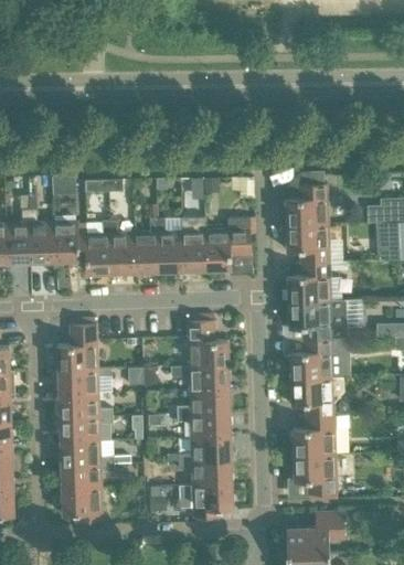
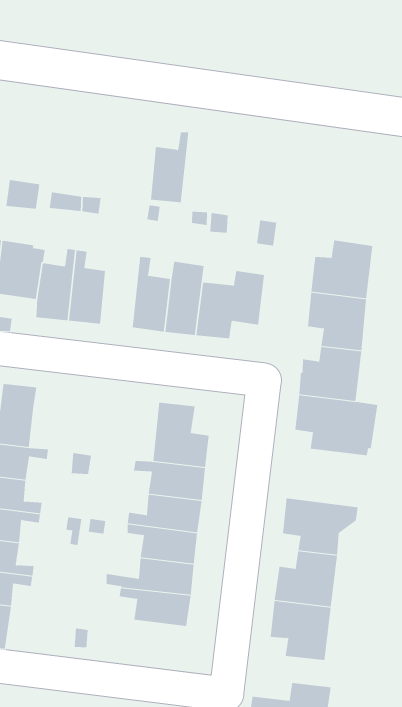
building: [134,218,159,273] -> [150,132,189,203]
building: [289,340,347,380] -> none
building: [180,484,233,519] -> none

